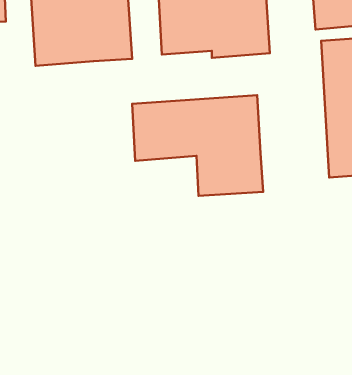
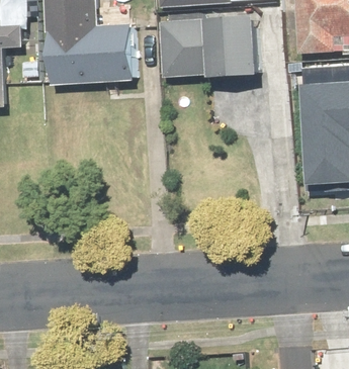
building: [132,95,263,196] -> none

